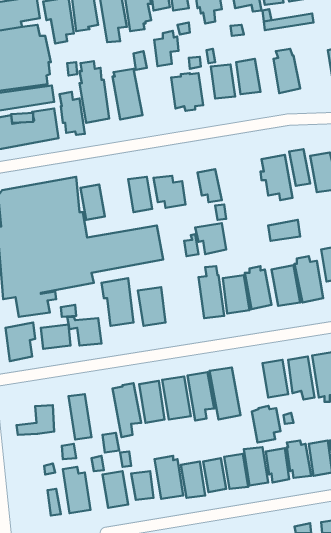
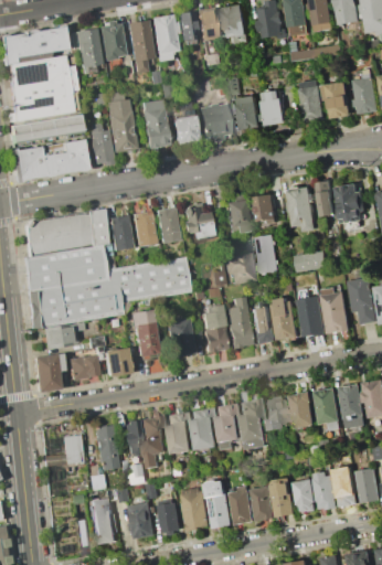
building: [154,31,178,66] -> [172,109,197,145]
building: none -> [325,81,354,119]
building: none -> [257,193,279,223]
building: none -> [134,211,158,247]
building: none -> [257,234,280,273]
building: none -> [203,305,229,352]
building: none -> [124,419,145,458]
building: [252,406,281,442] -> [264,395,293,431]

